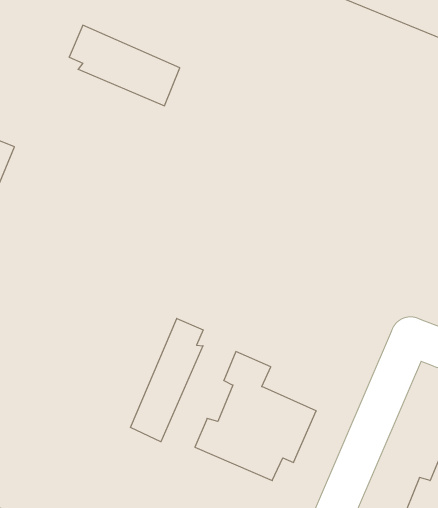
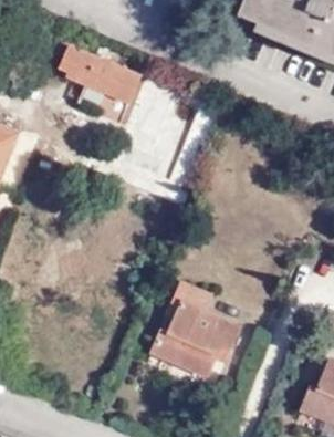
building: [130,318,203,442] -> none

